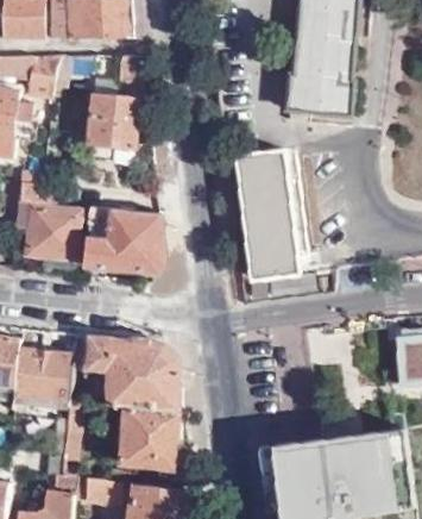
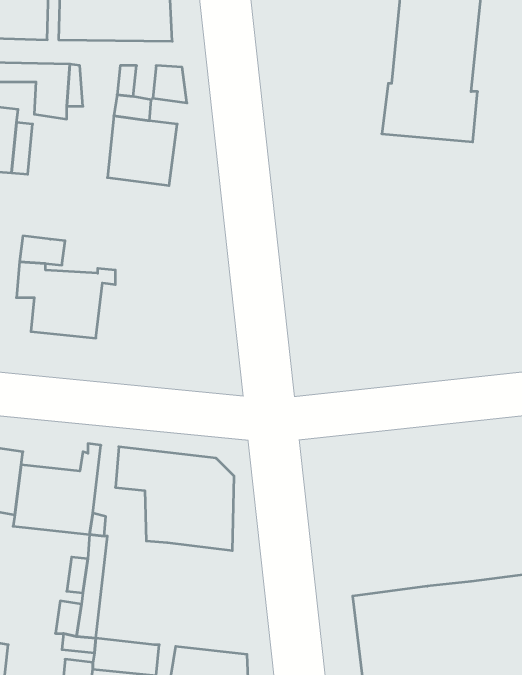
building: [238,150,300,279] -> none
building: [84,207,164,271] -> none
building: [116,407,190,481] -> none

